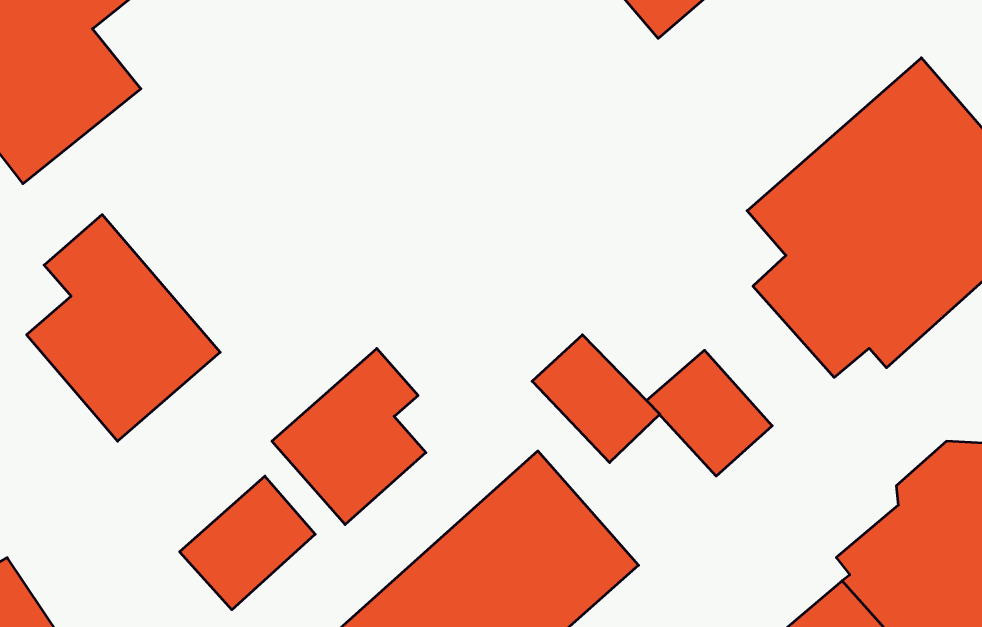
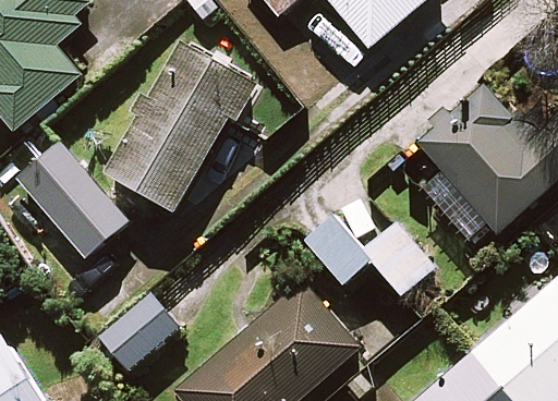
building: none -> [107,41,251,214]
building: [272,348,426,525] -> none

